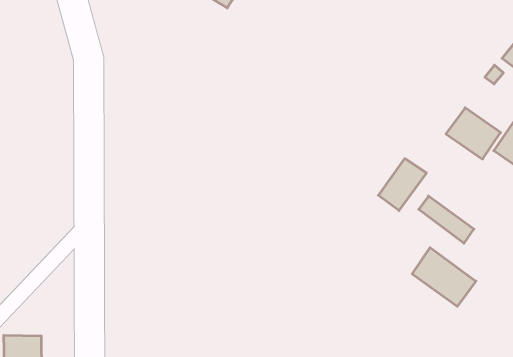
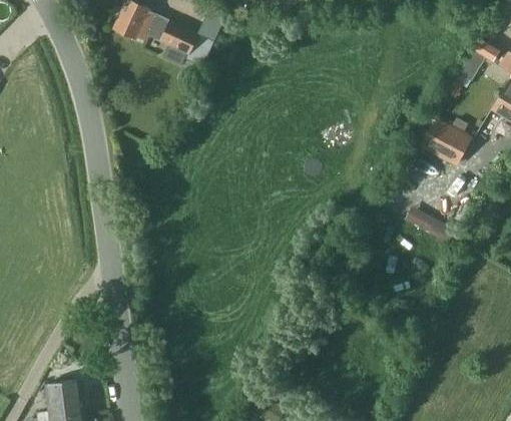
building: [378,159,426,211] -> none
building: [412,248,476,306] -> none

